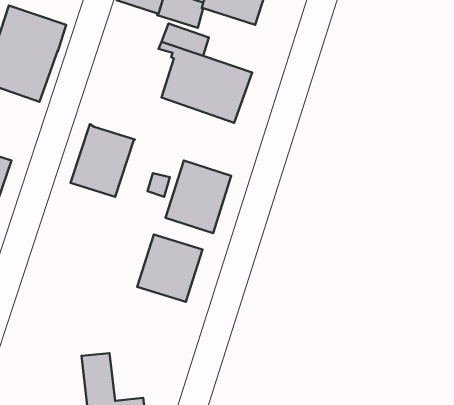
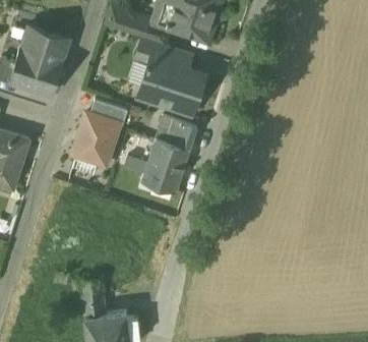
building: none -> [90,99,128,125]
building: none -> [156,115,198,150]
building: [137,234,202,302] -> none

